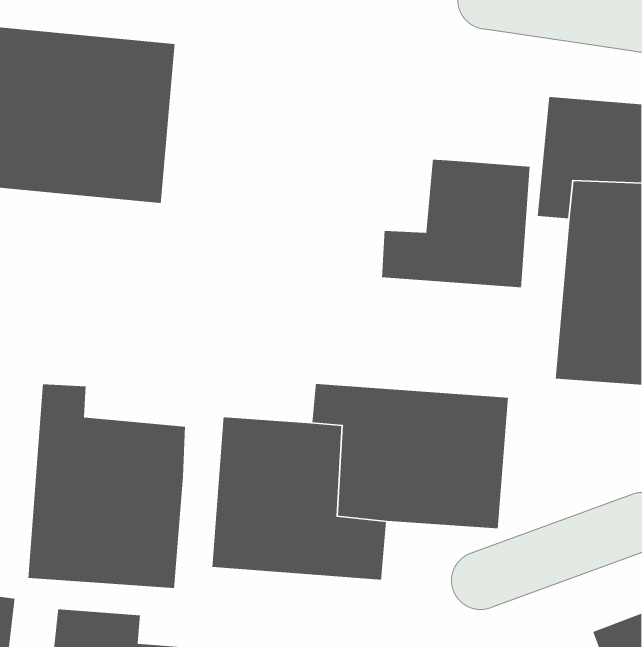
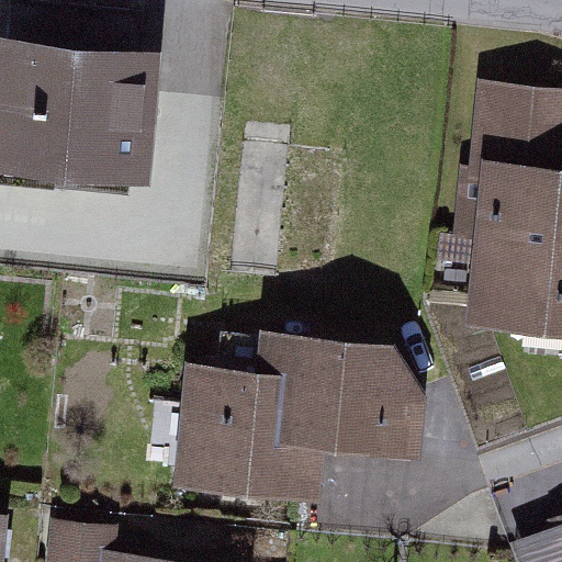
building: [381,159,530,288] -> none
building: [28,384,186,589] -> none

